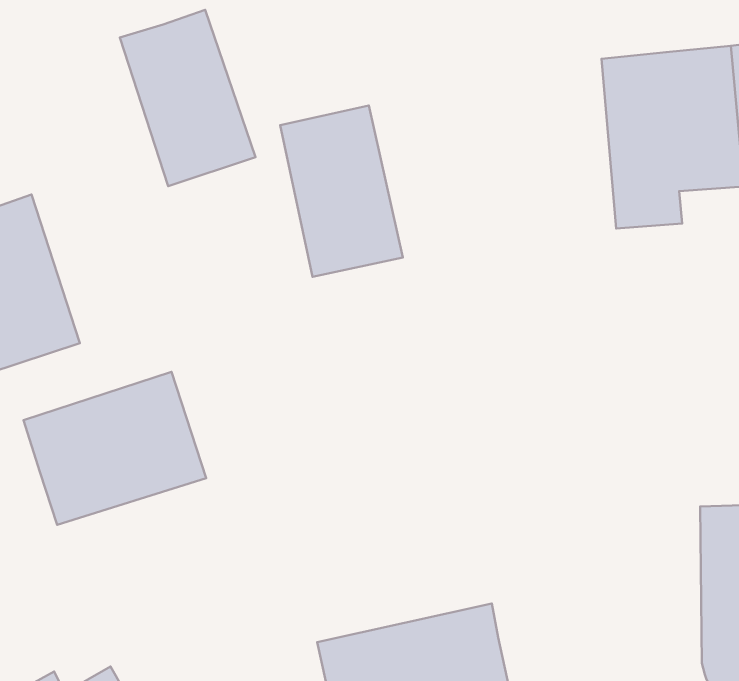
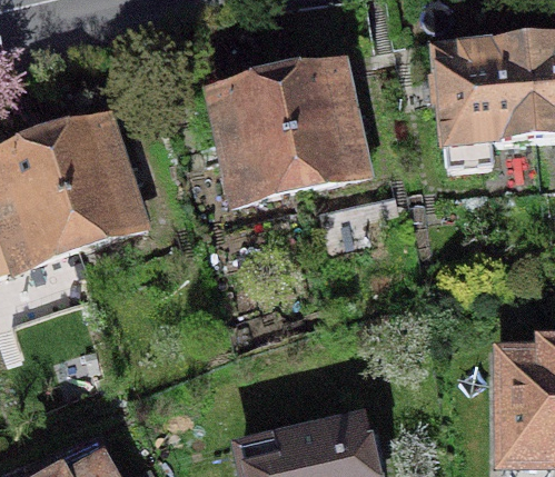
building: [120,10,255,186] -> [44,117,138,238]
building: none -> [277,61,360,179]
building: [24,372,206,525] -> none

